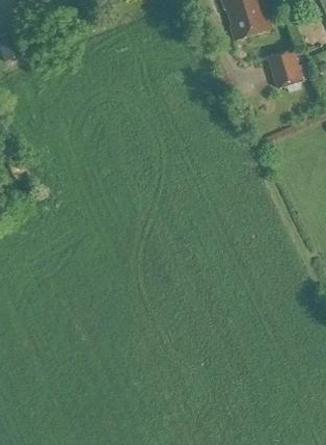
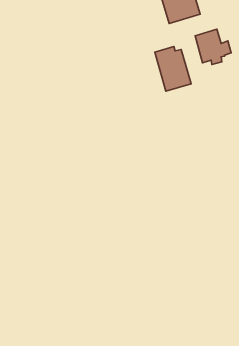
building: none -> [155,47,191,91]

